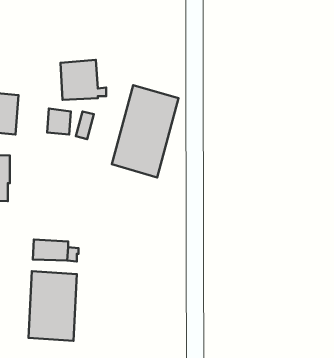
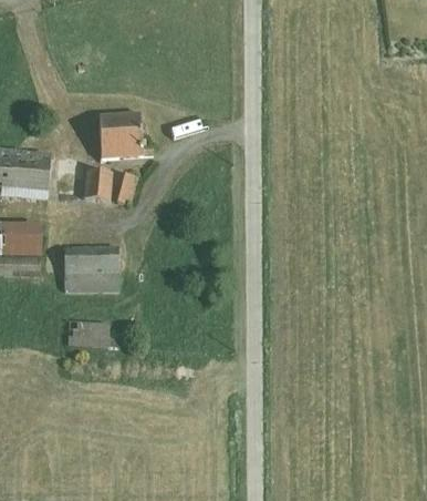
building: [112,85,178,178] -> none
building: none -> [65,245,119,292]
building: [29,271,77,341] -> none

